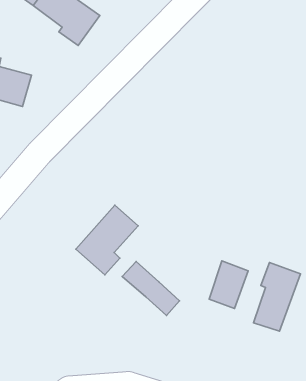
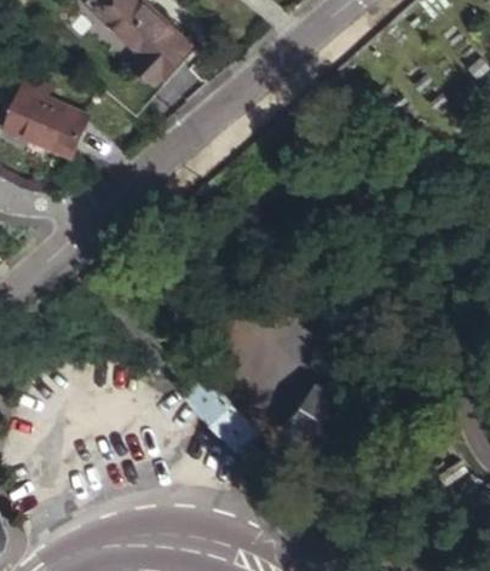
building: [76,205,138,275] -> none
building: [253,263,300,331] -> none

